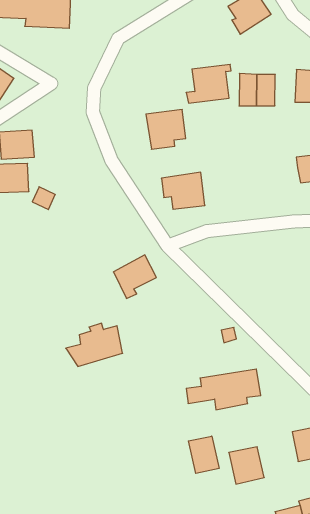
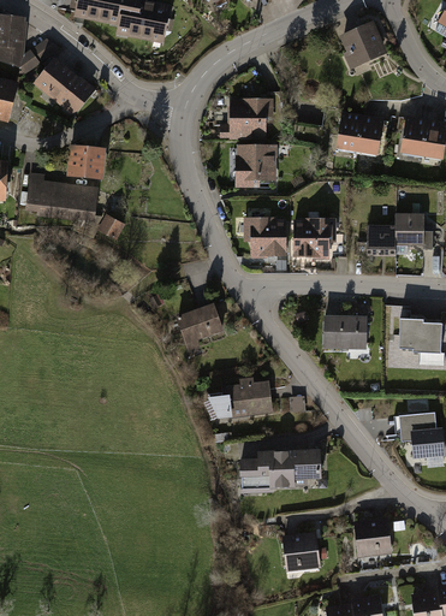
building: [186,64,231,103] -> [219,100,272,137]
building: none -> [368,227,397,256]
building: none -> [295,220,335,256]
building: none -> [323,316,367,348]
building: [66,323,123,366] -> [209,377,272,421]
building: [188,436,219,473] -> none

